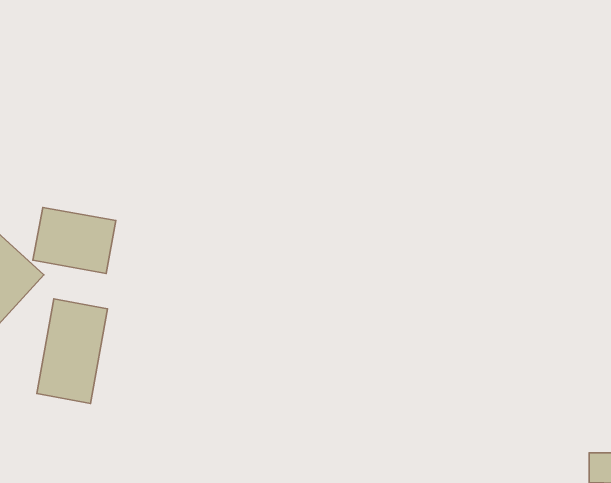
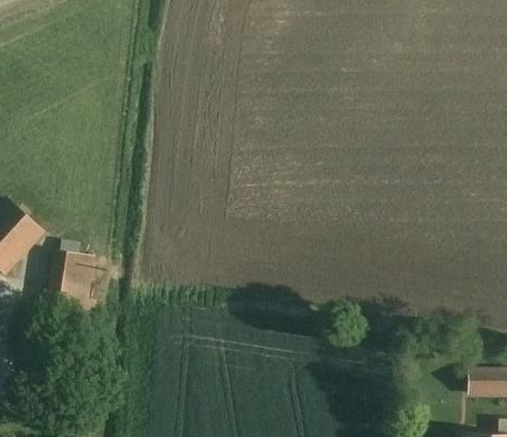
building: [33,207,116,273] -> none

